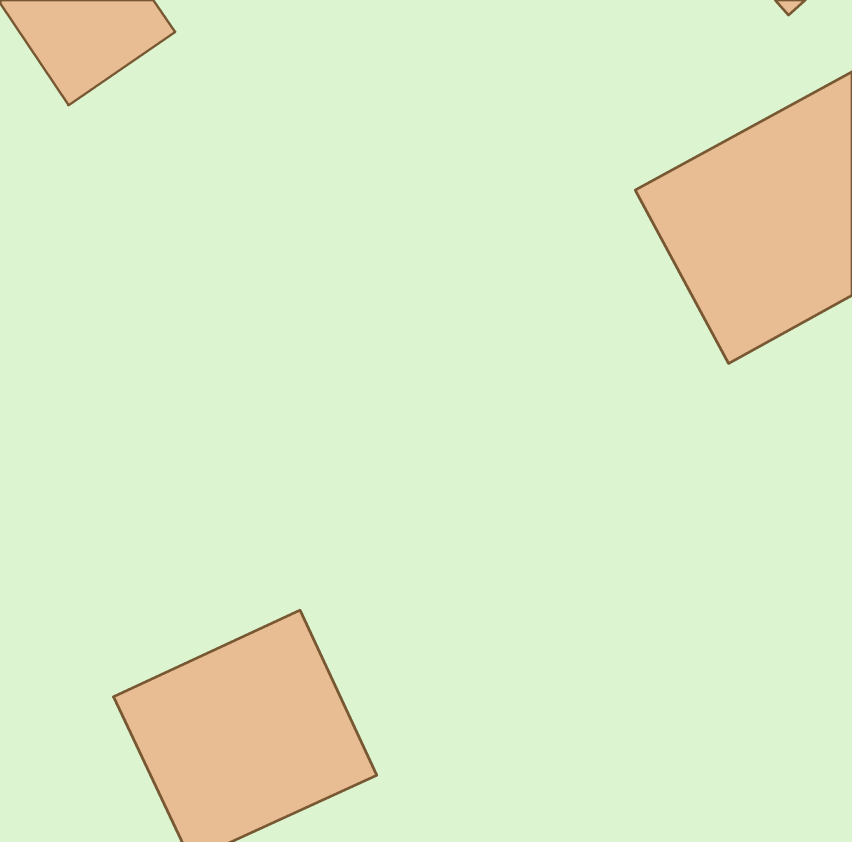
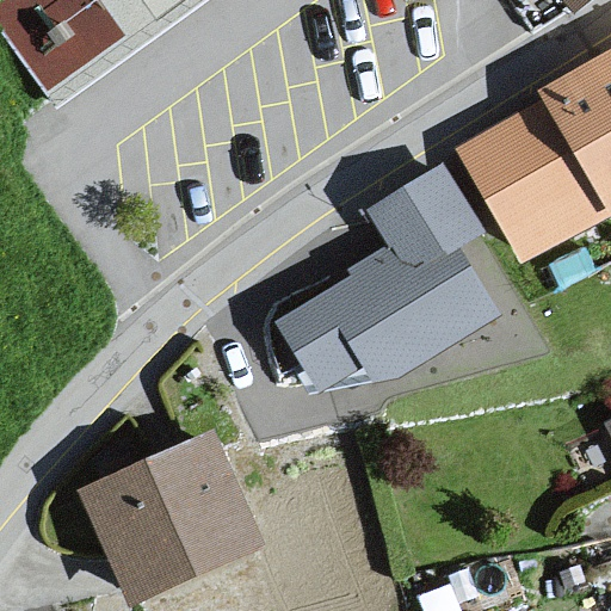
building: none -> [274,161,504,389]

